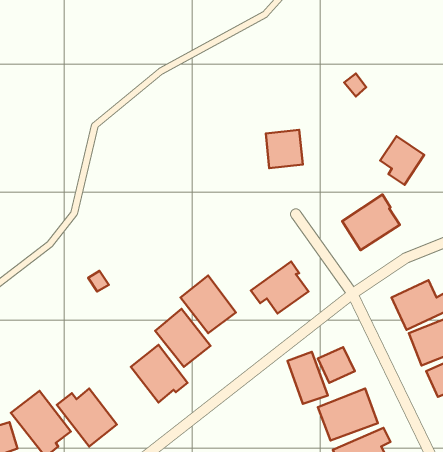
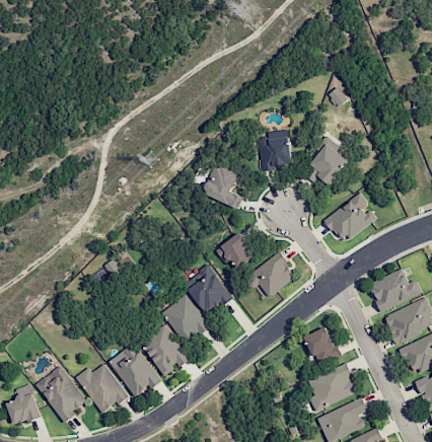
building: [380,136,424,185] -> [309,143,348,186]
building: none -> [203,161,242,208]
building: none -> [216,232,255,269]
building: [288,352,328,404] -> none
building: none -> [107,343,160,396]

